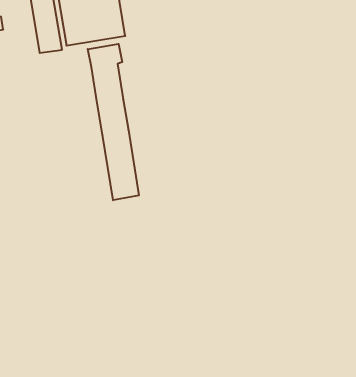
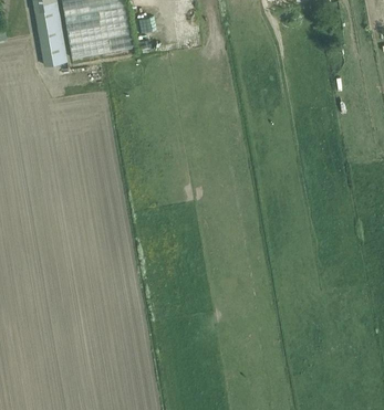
building: [88,44,139,200] -> none

